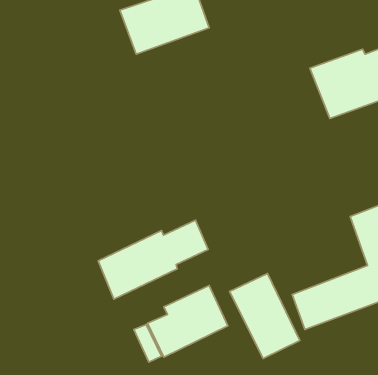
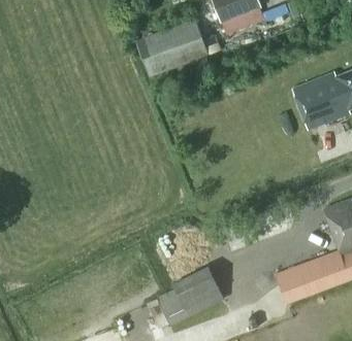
building: [98,220,208,299] -> none
building: [229,273,300,358] -> none

